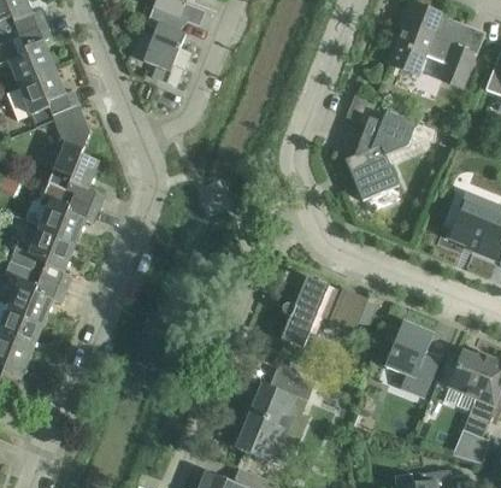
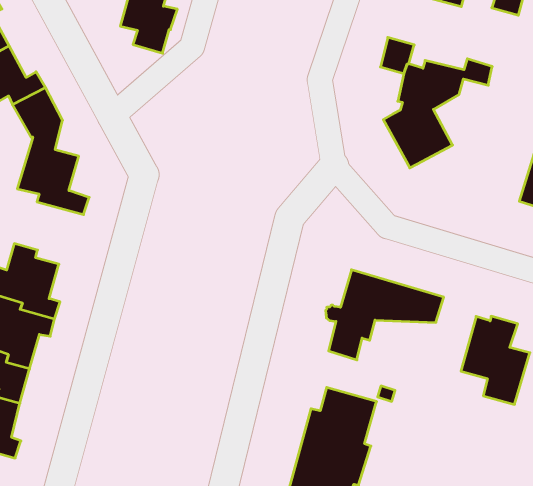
building: [39,182,98,246] -> none

